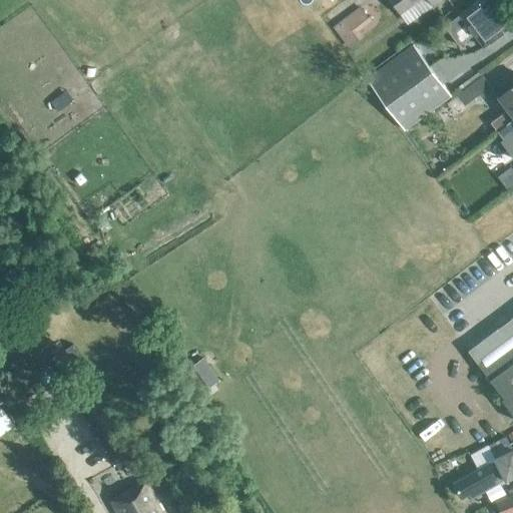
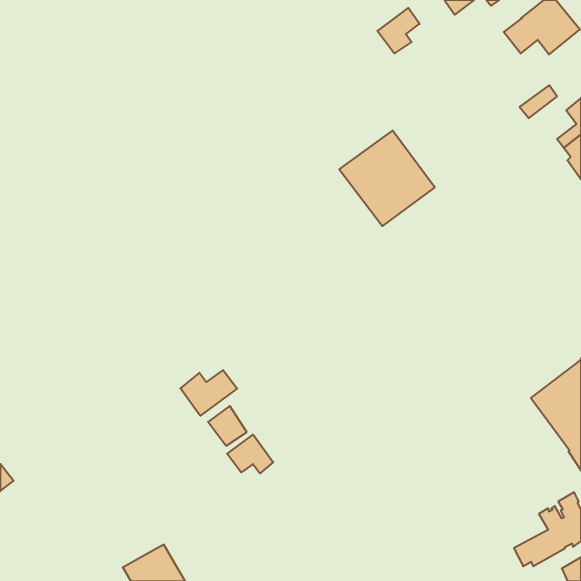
building: [367,44,451,128] -> [339,131,435,226]
building: none -> [180,370,237,416]
building: none -> [227,435,273,473]

